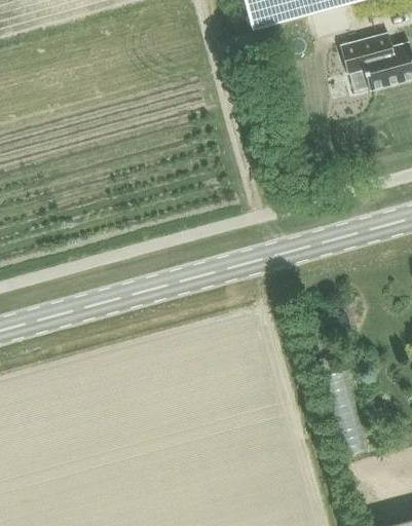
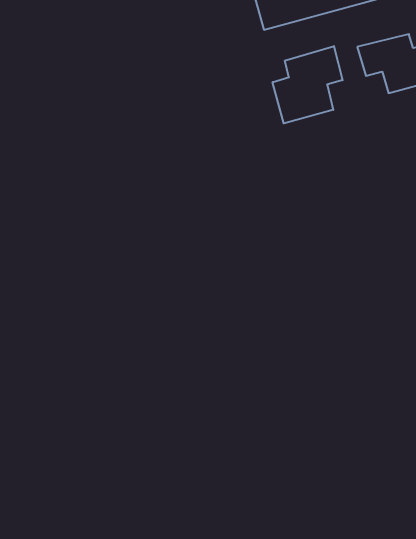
building: none -> [273,46,343,123]

